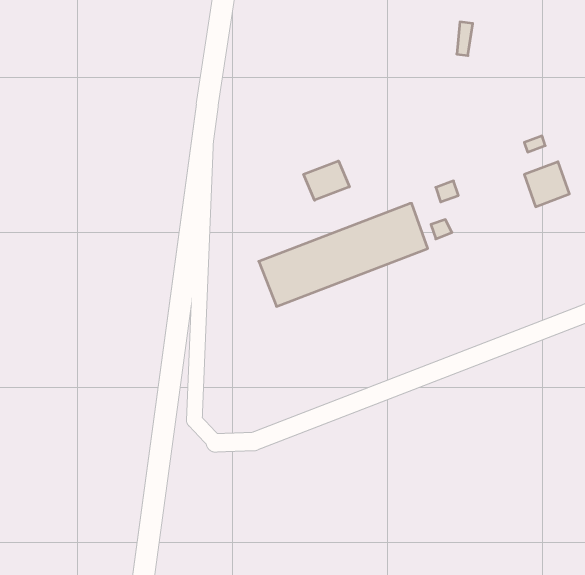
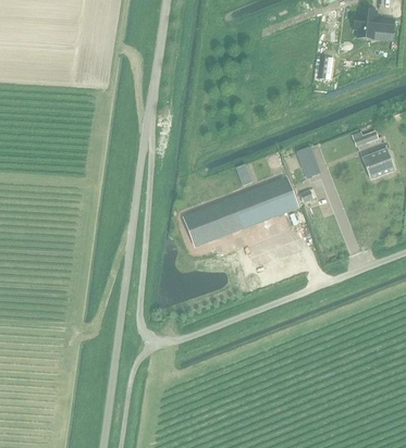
building: [304,161,349,200] -> none

